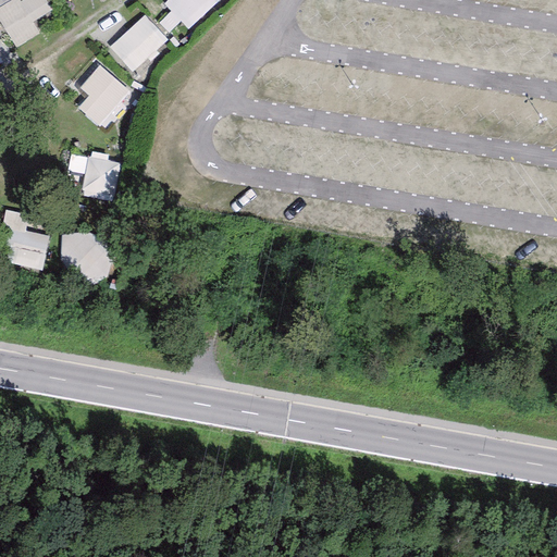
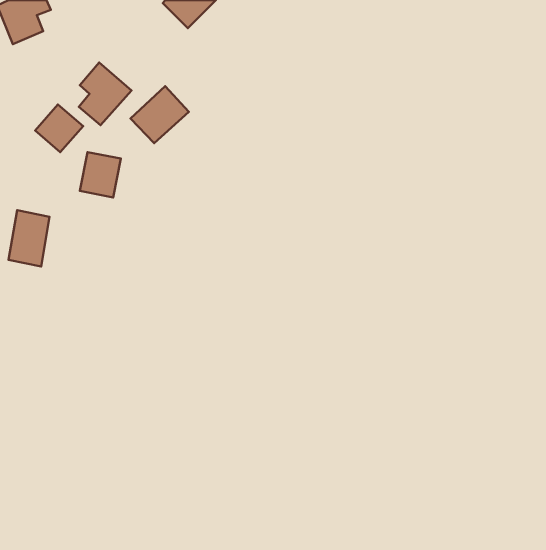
building: [110,14,169,72] -> [130,86,189,143]
building: none -> [35,104,83,152]
building: [60,232,104,281] -> none

